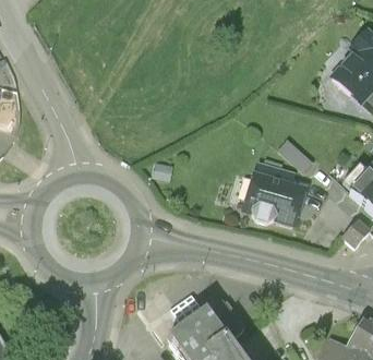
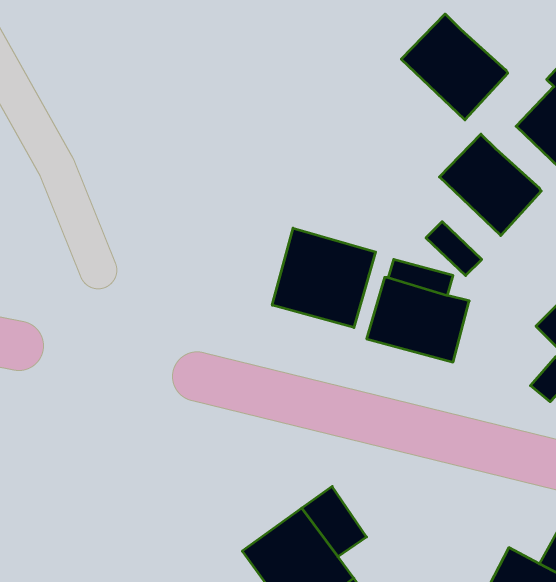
building: none -> [401,14,508,120]
building: none -> [439,134,541,236]
building: none -> [272,228,376,328]

